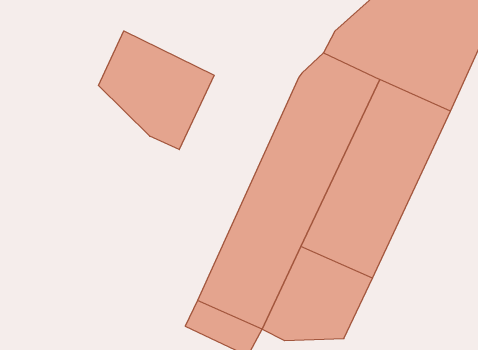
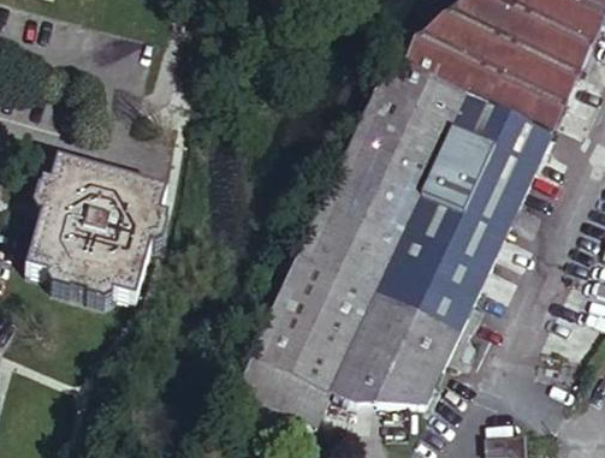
building: [99,31,214,150] -> none
building: none -> [26,163,170,310]

